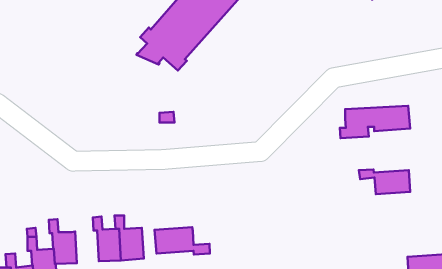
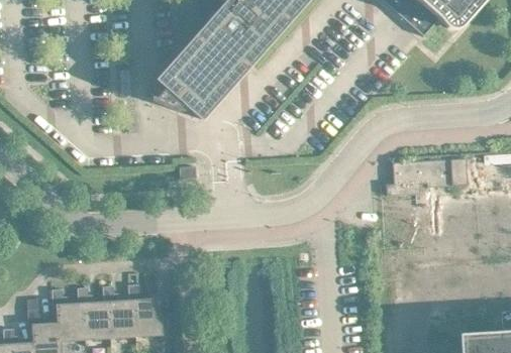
building: [359,169,410,194] -> none
building: none -> [82,285,114,337]
building: [154,227,210,255] -> none

